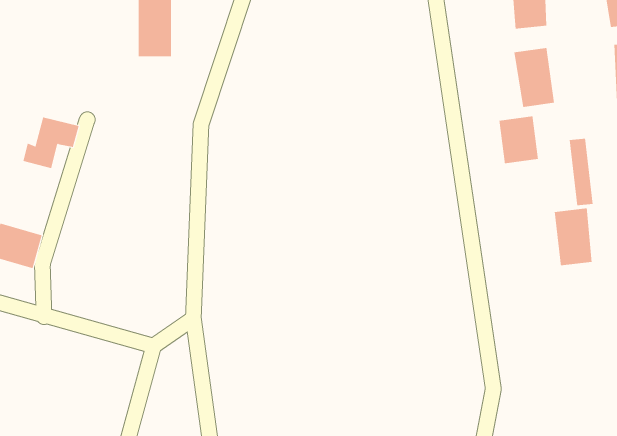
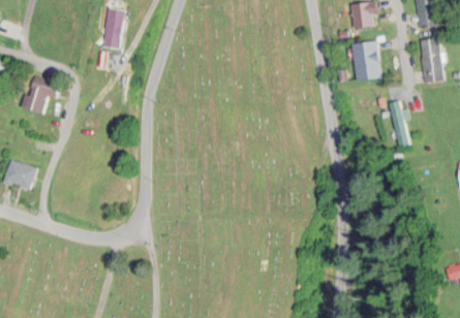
building: [499,116,539,164] -> none
building: [554,208,592,266] -> none

